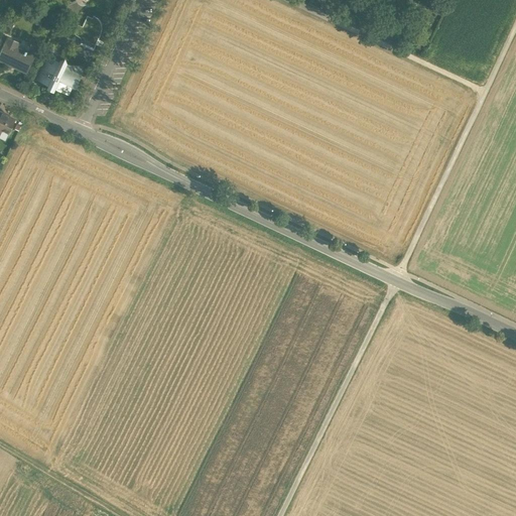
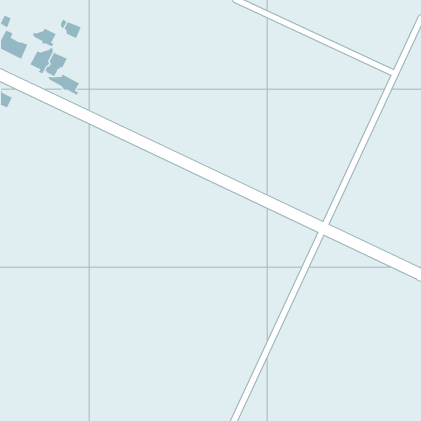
building: none -> [32,28,56,47]
building: none -> [47,74,80,96]

